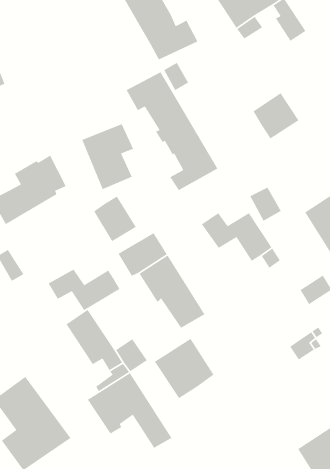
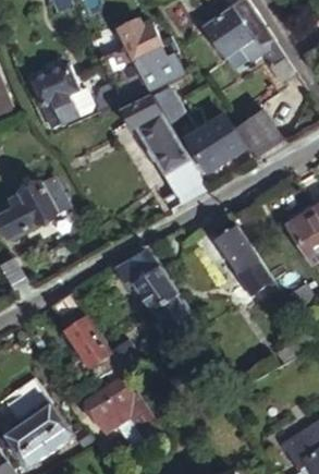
building: none -> [191,116,247,170]
building: [81,123,134,190] -> [29,63,78,125]
building: [93,196,137,242] -> none
building: [47,268,120,311] -> none
building: [154,338,215,399] -> none

